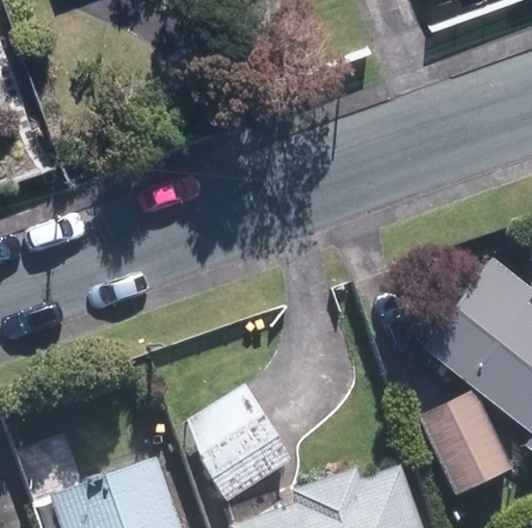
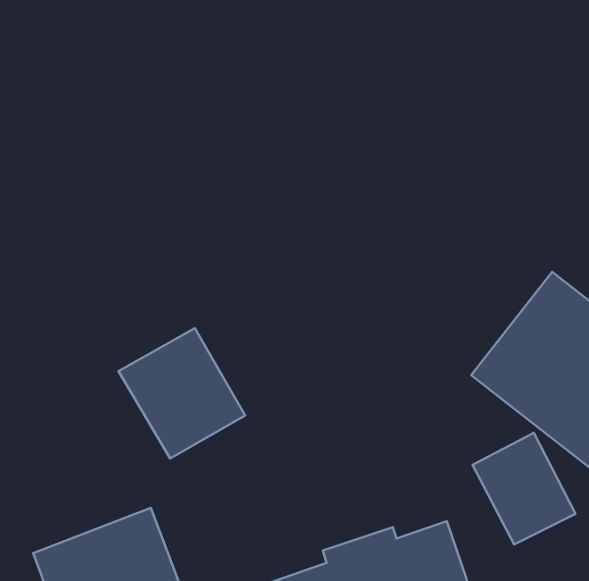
building: [184,386,291,496] -> [119,328,245,458]

